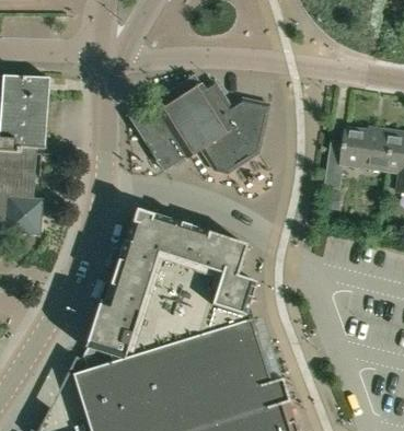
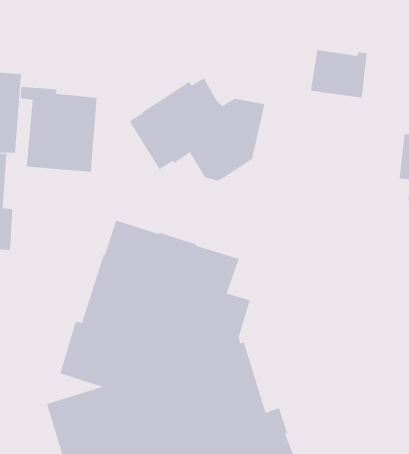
building: none -> [20,86,97,172]
building: [342,128,393,172] -> [310,49,367,98]

